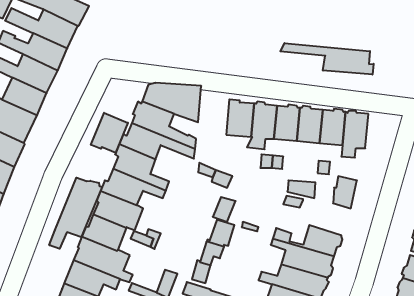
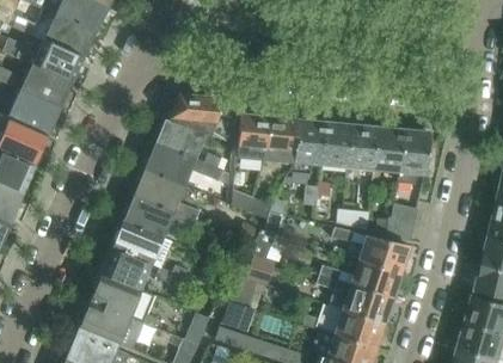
building: [280,43,374,75] -> none
building: none -> [237,115,269,156]
building: [91,113,128,153] -> none
building: [49,178,102,249] -> none
building: none -> [361,234,406,272]

